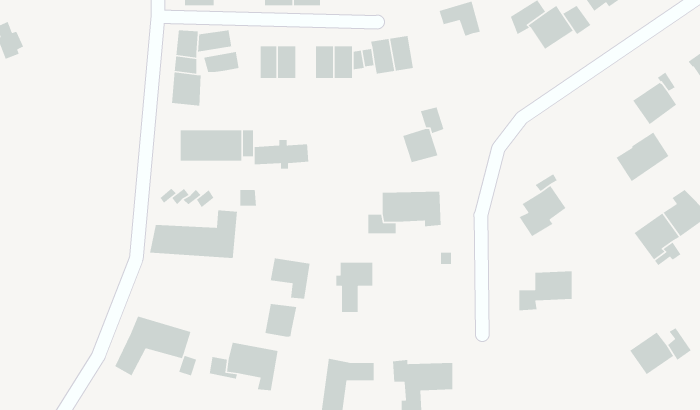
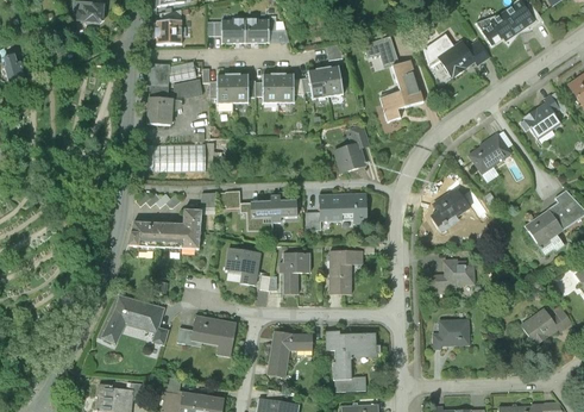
building: none -> [379,60,421,119]
building: [616,131,669,182] -> [465,132,509,174]
building: [254,139,309,170] -> [251,195,296,220]
building: none -> [331,252,363,294]
building: [265,303,297,338] -> none
building: none -> [438,319,467,343]

